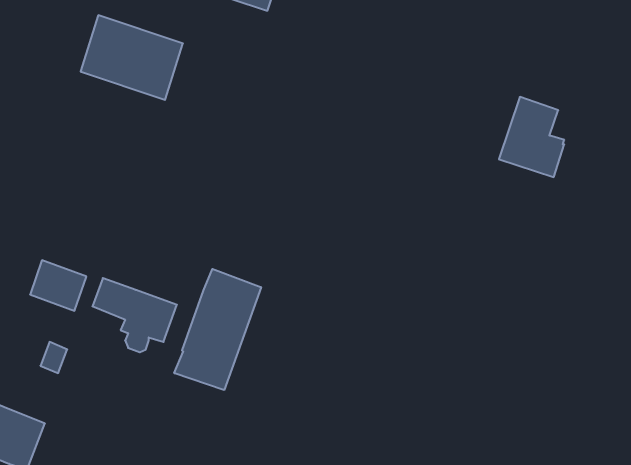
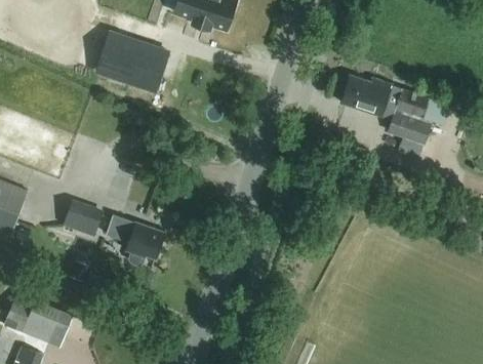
building: none -> [339,75,391,116]
building: [174,269,261,390] -> none

